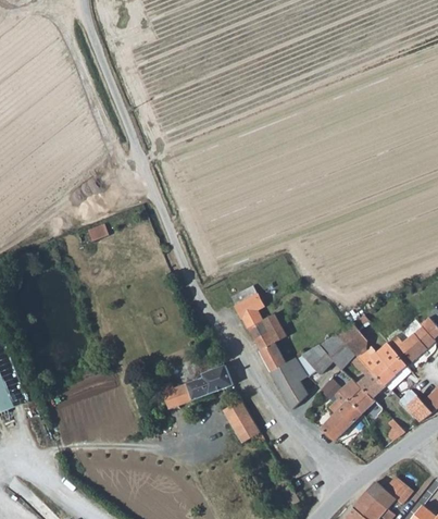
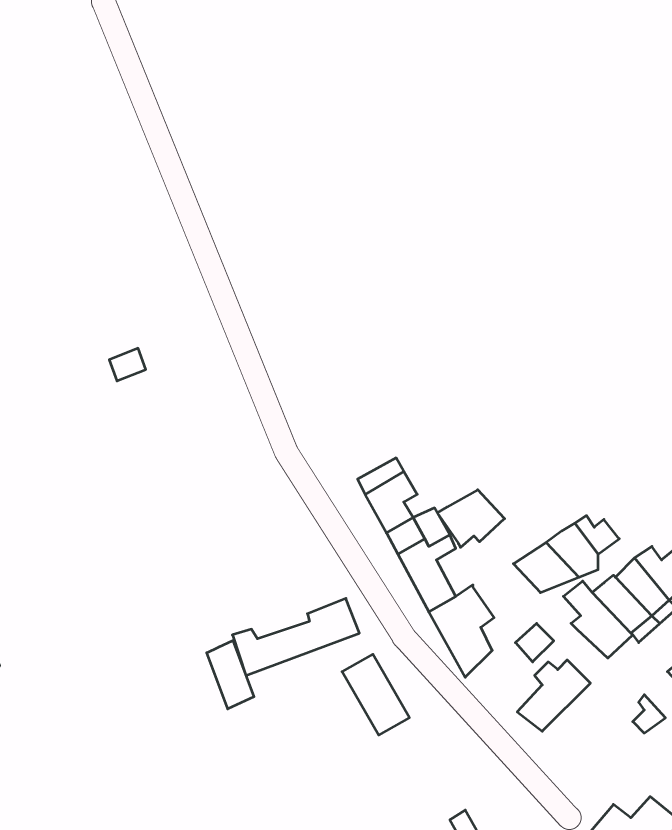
building: [295,345,333,378] -> [437,490,505,547]
building: [336,382,374,412] -> none
building: none -> [207,641,254,709]

